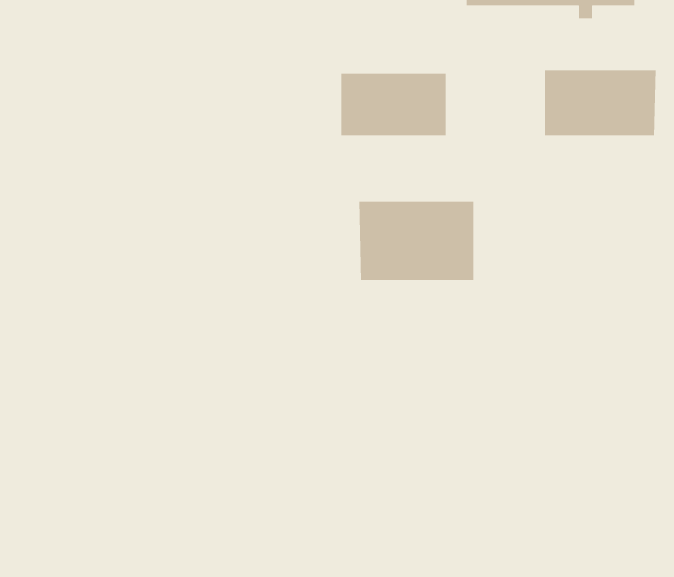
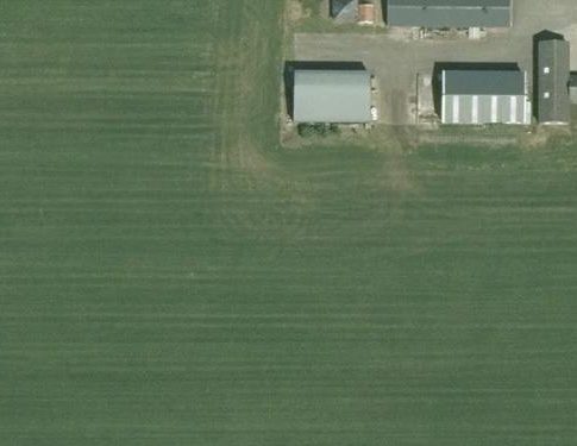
building: [358,201,474,281] -> none

